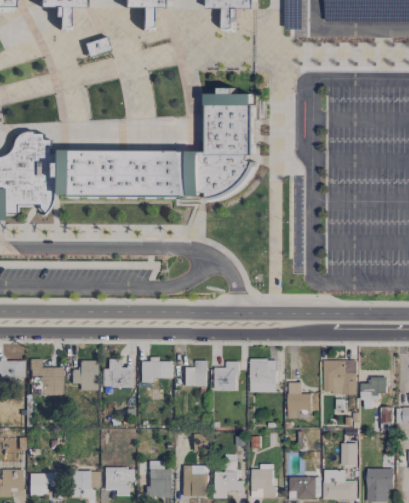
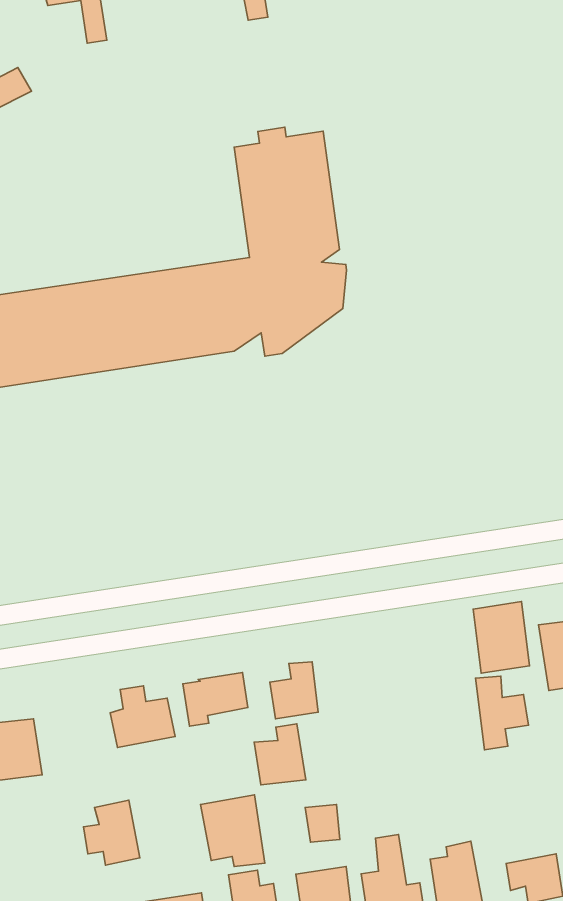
building: [251,359,277,392] -> [473,602,530,673]
building: [72,360,98,391] -> [84,800,140,865]
building: [215,361,238,390] -> [254,724,306,785]
building: none -> [201,795,265,867]

